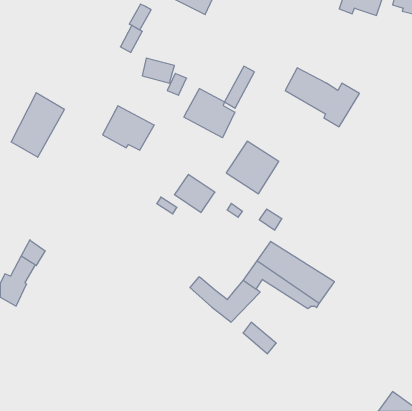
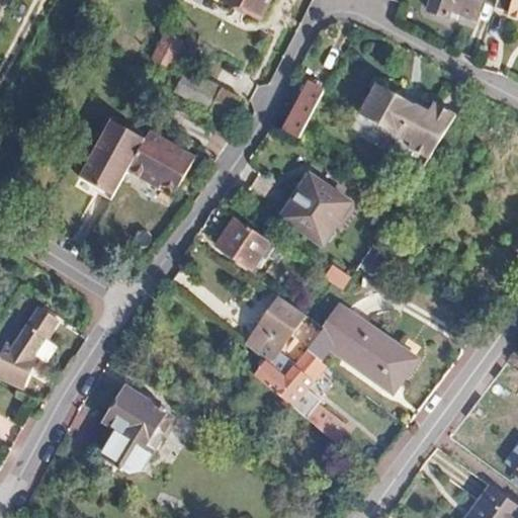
building: [184,89,235,138] -> none
building: [11,93,64,157] -> [78,118,145,199]
building: none -> [248,297,307,375]
building: none -> [100,387,173,468]

